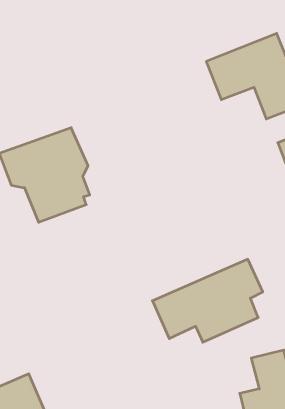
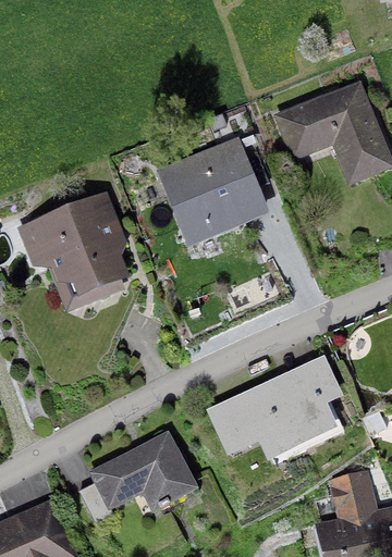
building: none -> [155,136,269,248]
building: none -> [77,429,198,523]

